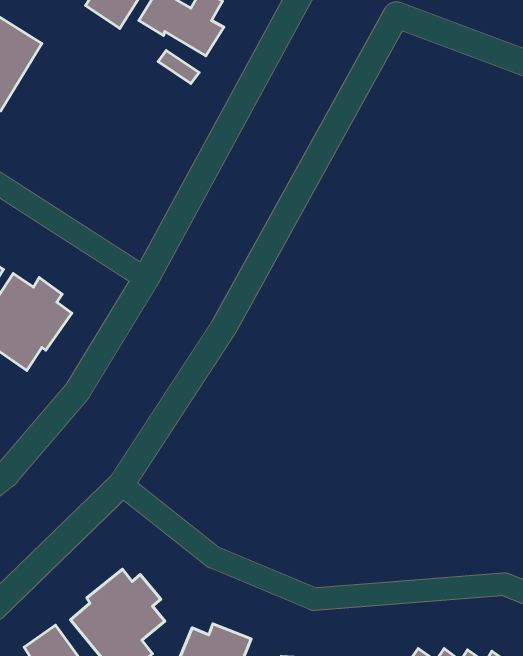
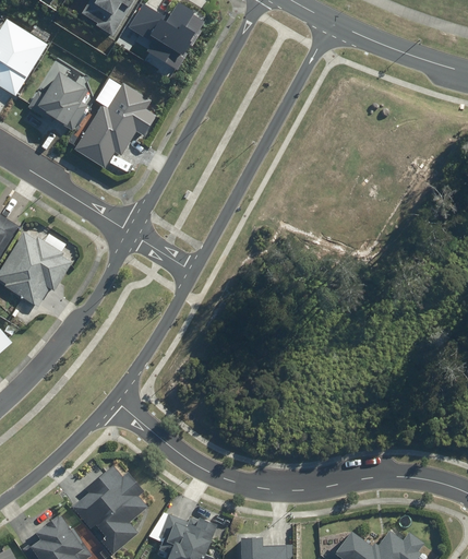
building: none -> [26,70,89,130]
building: none -> [72,82,157,170]

